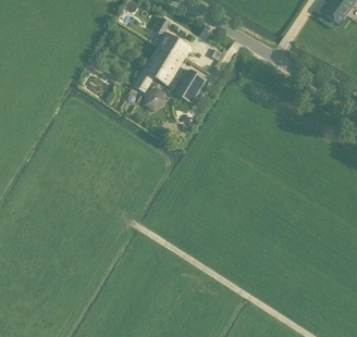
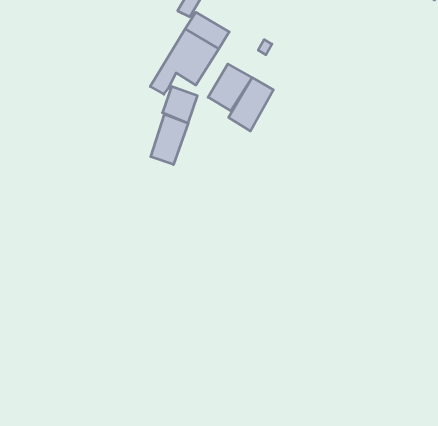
building: none -> [229,78,273,131]
building: none -> [151,114,188,165]

